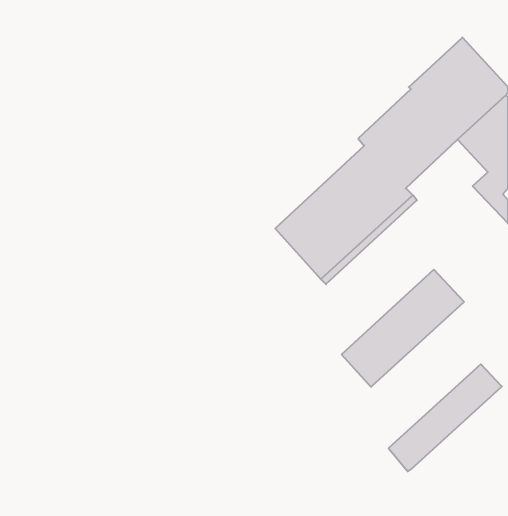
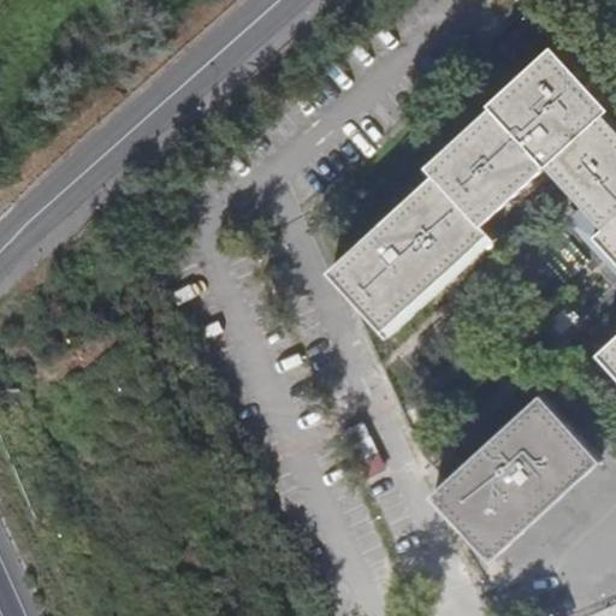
building: [342,270,464,387] -> [426,396,571,535]

